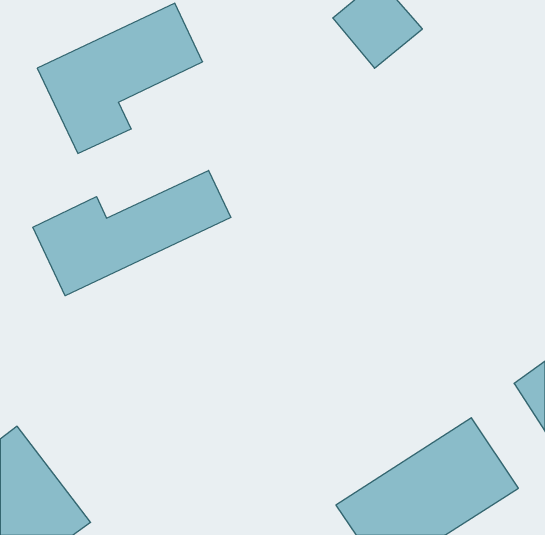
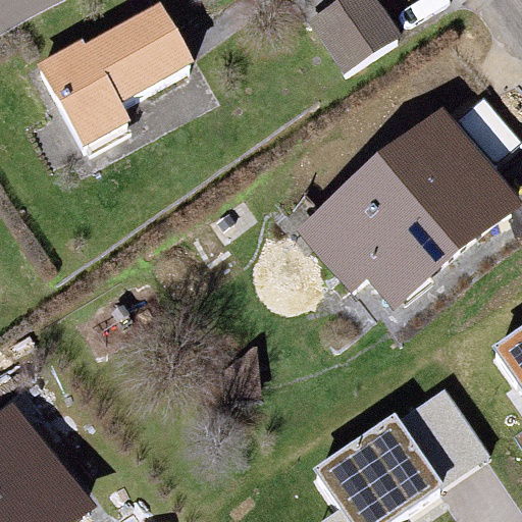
building: none -> [299,112,498,295]
building: [33,170,231,296] -> none

